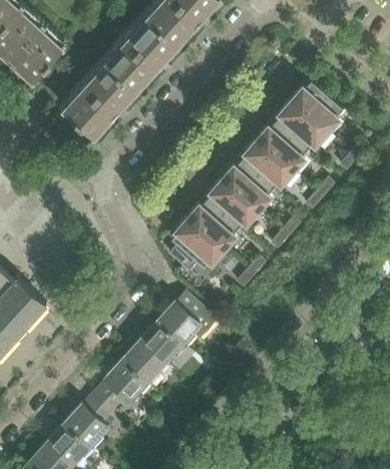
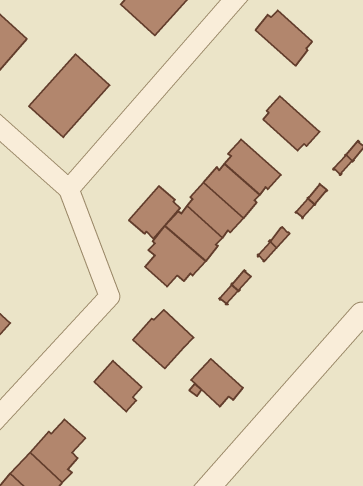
building: [105,17,177,90] -> none
building: [291,82,342,132] -> [256,10,312,66]
building: [256,121,307,171] -> none
building: none -> [129,186,180,239]
building: [139,321,186,364] -> [191,359,243,407]
building: [95,359,151,410] -> none

